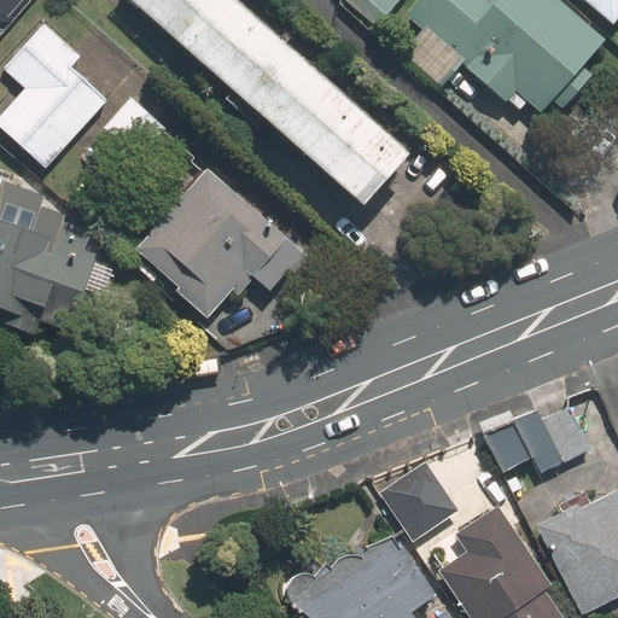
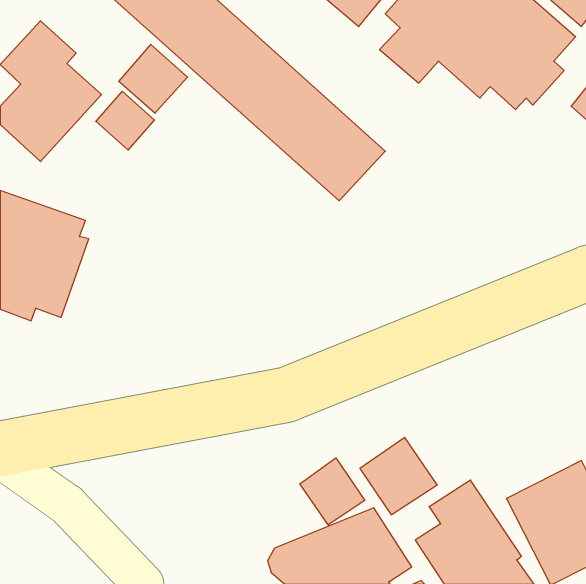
building: none -> [119,44,188,113]
building: [132,167,304,319] -> none
building: [488,402,591,472] -> none
building: none -> [300,458,365,525]

